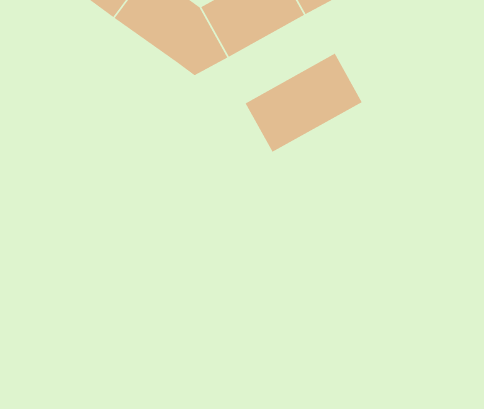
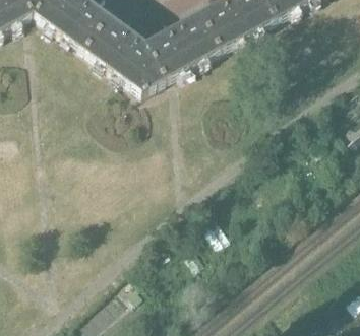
building: [245,53,363,153] -> none

